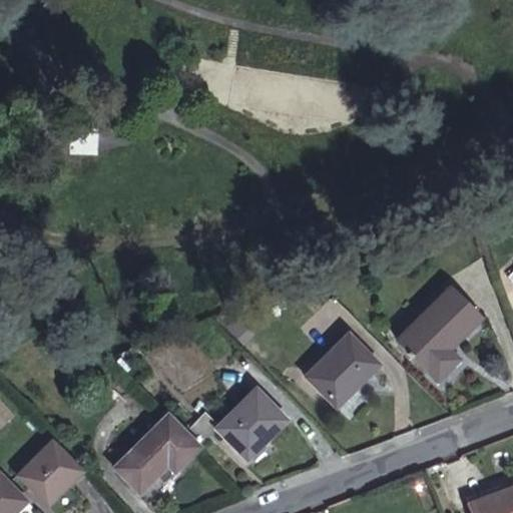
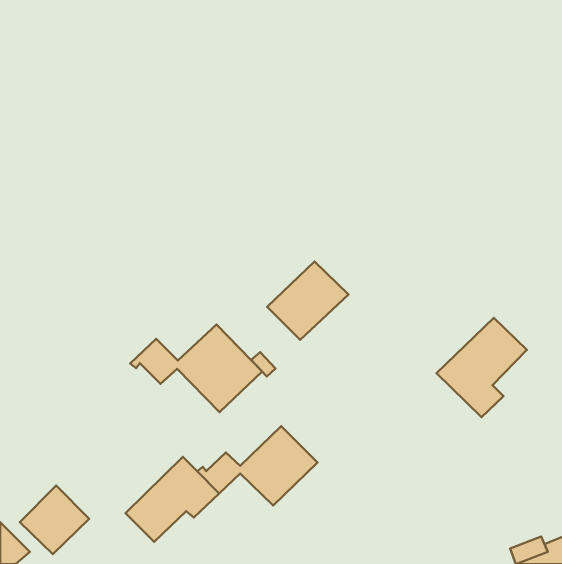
building: none -> [130,325,262,412]
building: [307,334,381,405] -> [267,261,349,340]

